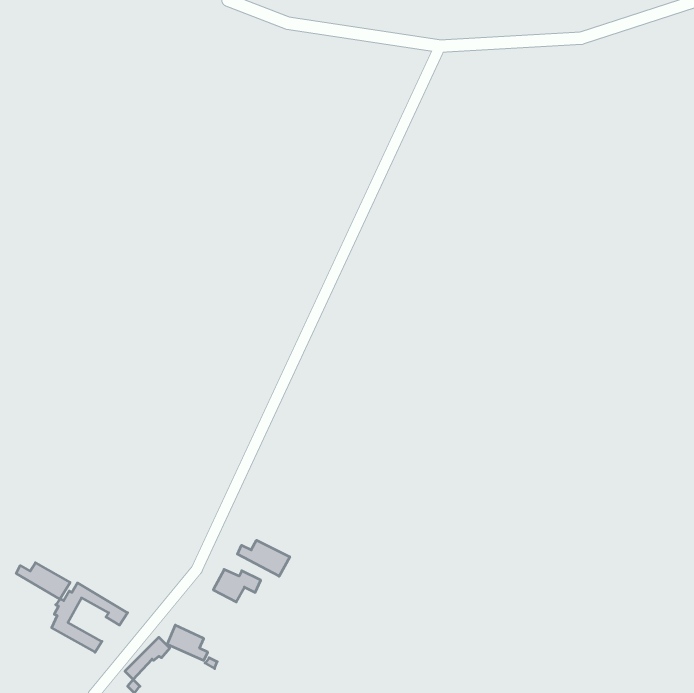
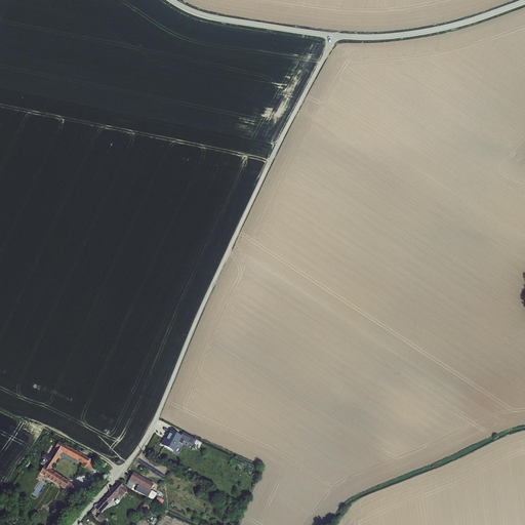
building: [237,540,290,576] -> none
building: [16,563,70,599] -> none

